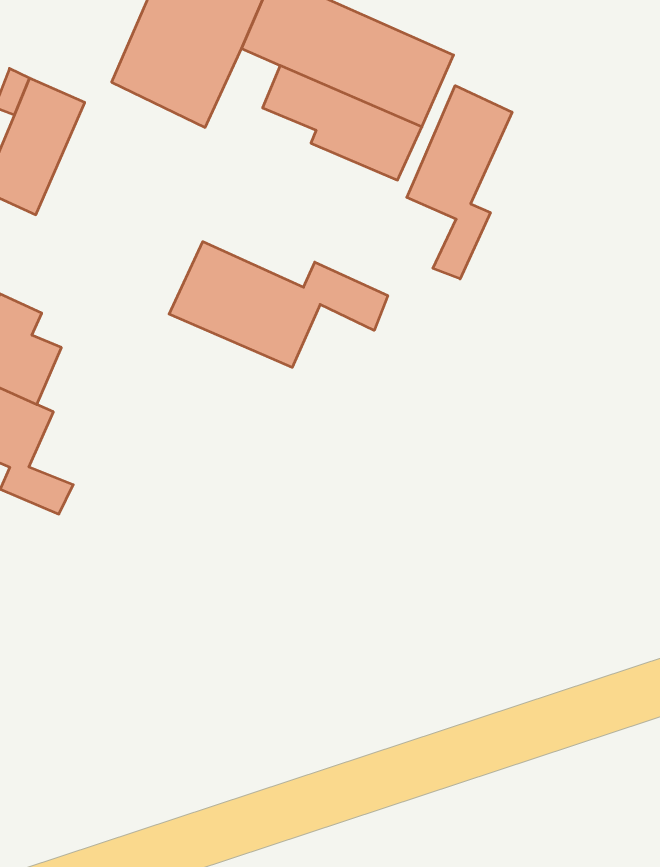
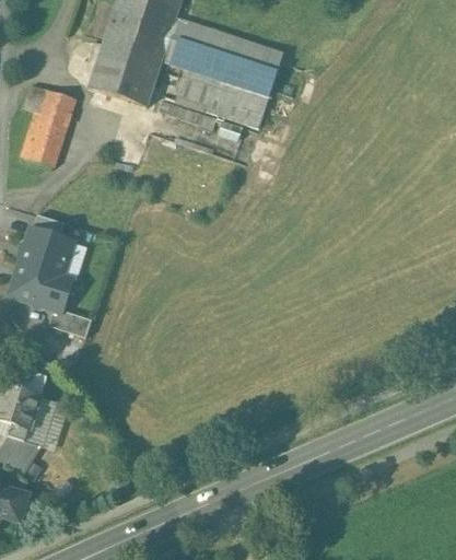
building: [407,86,512,279] -> none
building: [169,242,388,367] -> none

